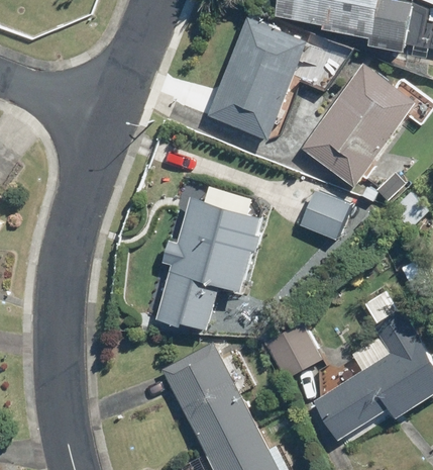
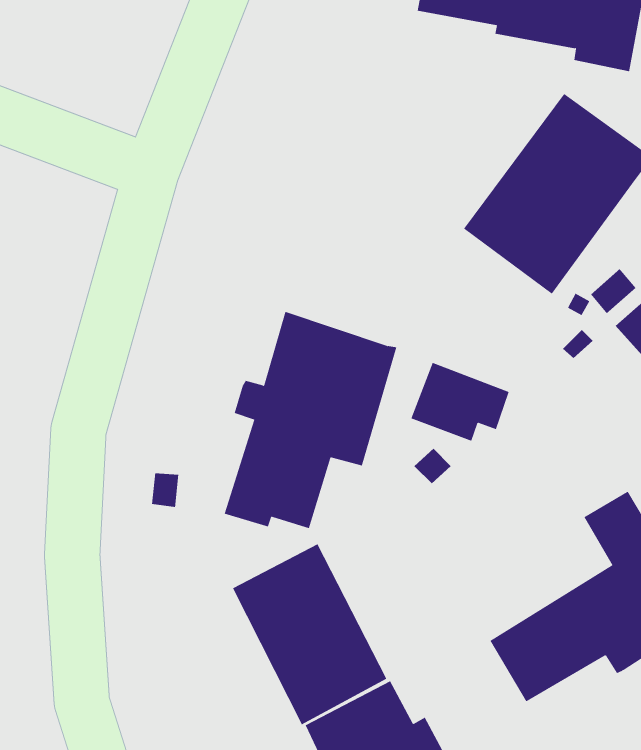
building: [206,15,309,140] -> none
building: [302,190,362,239] -> [411,362,510,441]
building: [264,321,324,380] -> none

